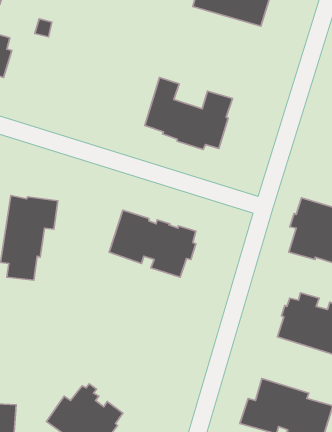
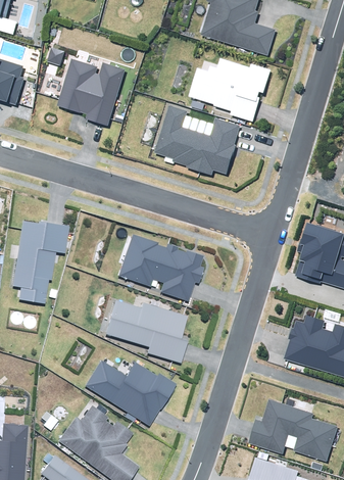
building: none -> [57,57,125,125]
building: none -> [189,57,271,122]
building: none -> [106,299,189,363]
building: none -> [85,359,177,425]

